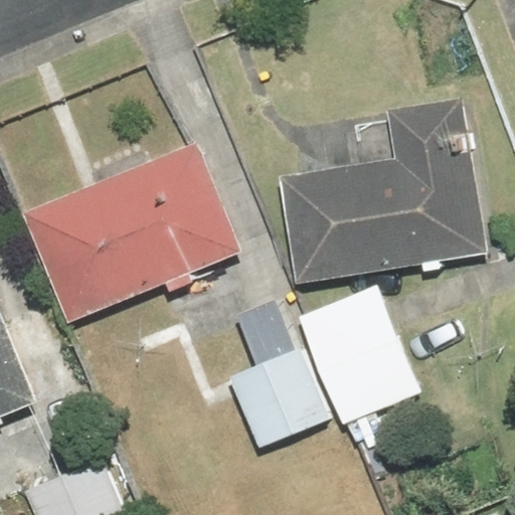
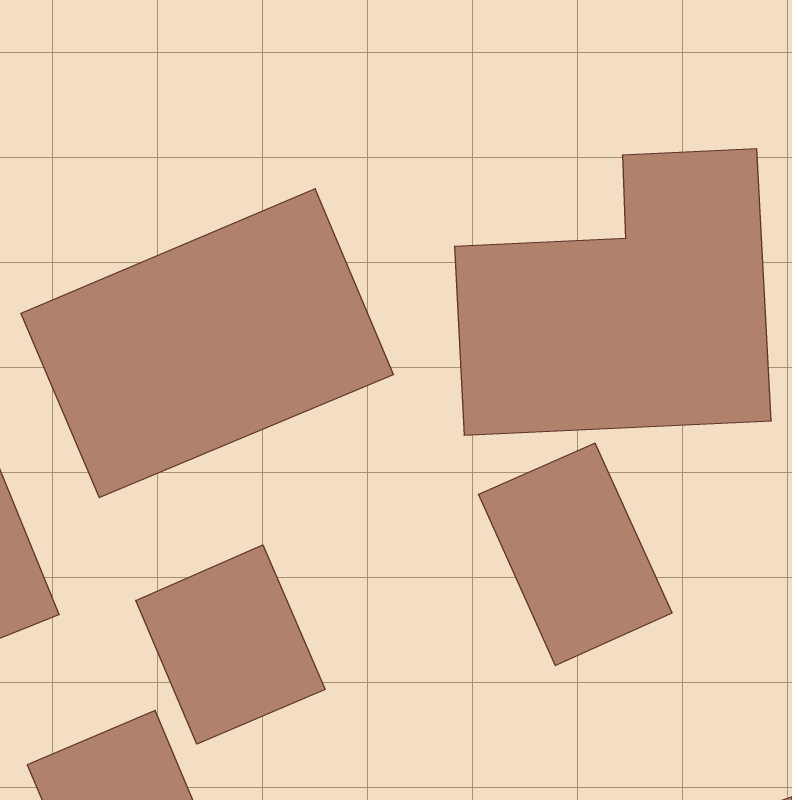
building: [223,296,333,458] -> none
building: none -> [136,545,325,744]

